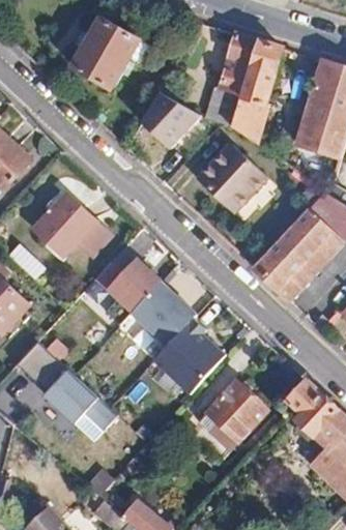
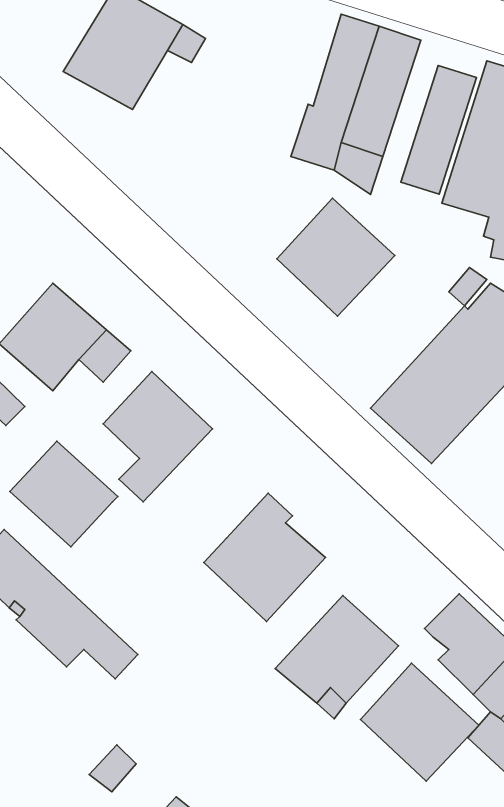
building: none -> [401,65,477,194]
building: [142,95,183,138] -> none
building: [131,283,195,346] -> [10,441,118,547]
building: none -> [360,663,479,781]

